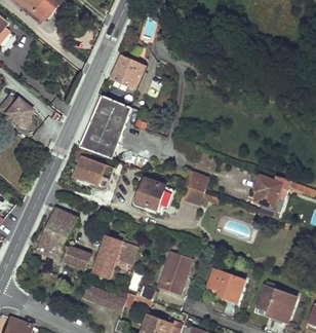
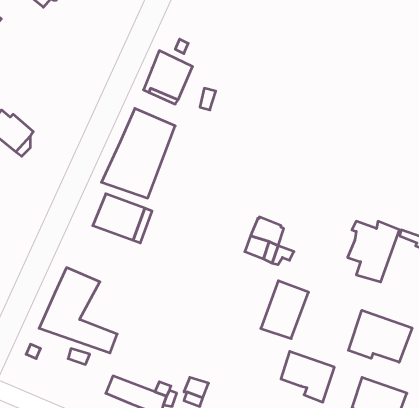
building: [133,178,166,214] -> none
building: [93,231,137,276] -> none
building: none -> [348,310,412,362]
building: [159,252,193,293] -> [261,281,309,339]

